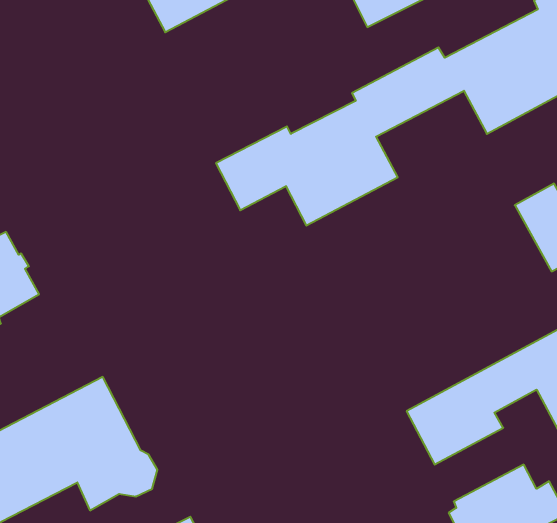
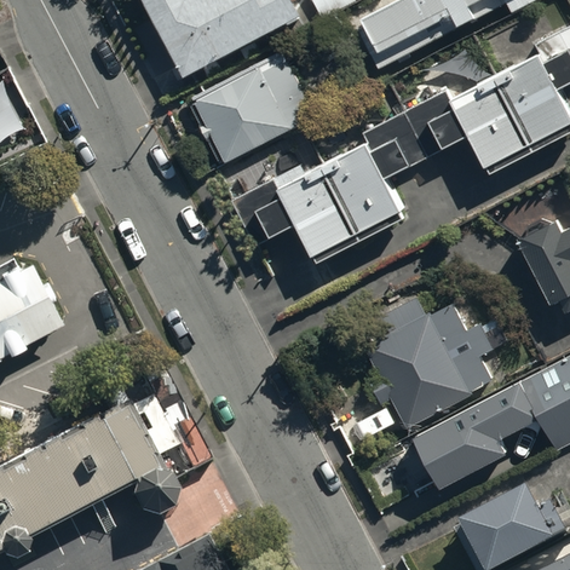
building: none -> [185,52,312,165]
building: none -> [356,299,493,428]

